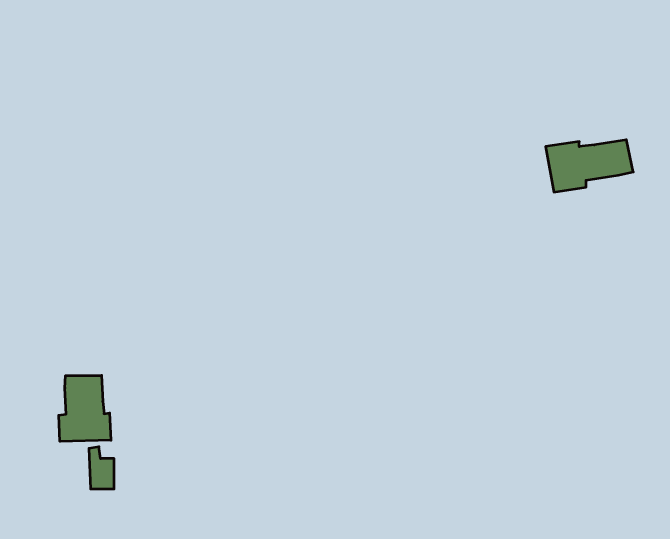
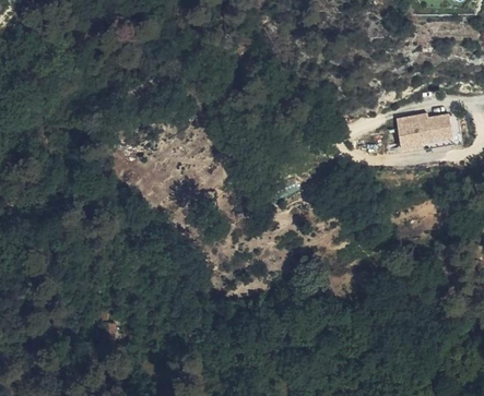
building: [59,375,111,441] -> none

